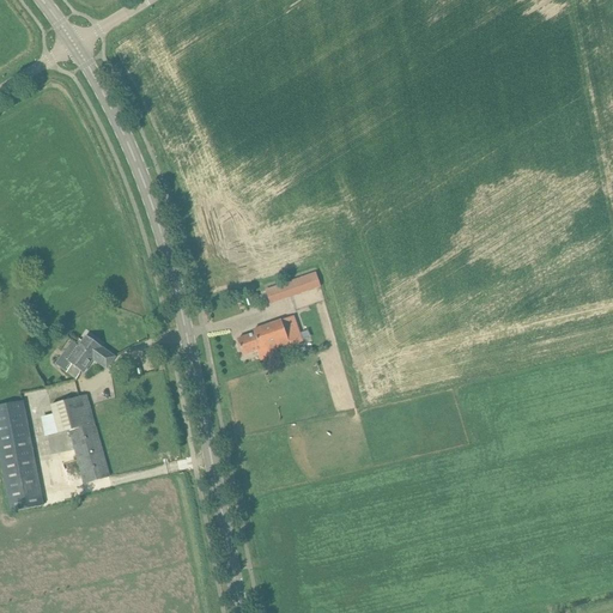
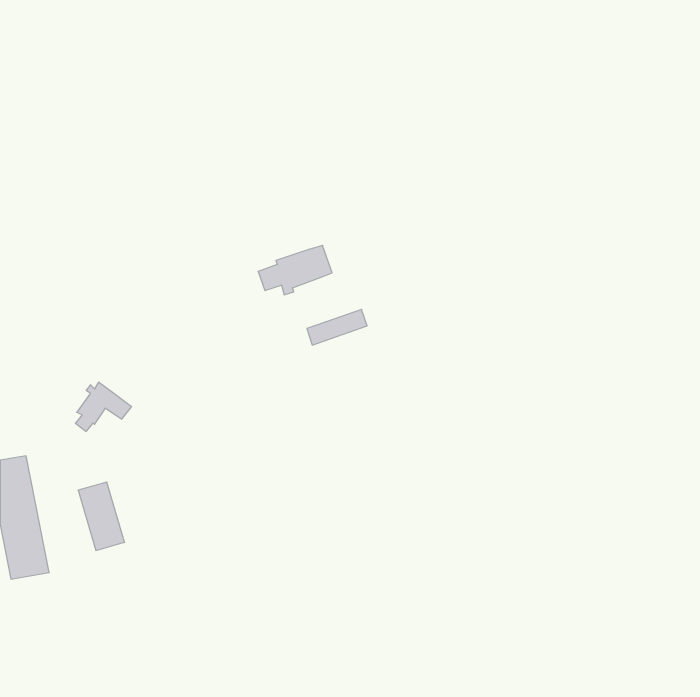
building: [237,315,302,358] -> [258,245,332,295]
building: [49,393,93,431] -> none

